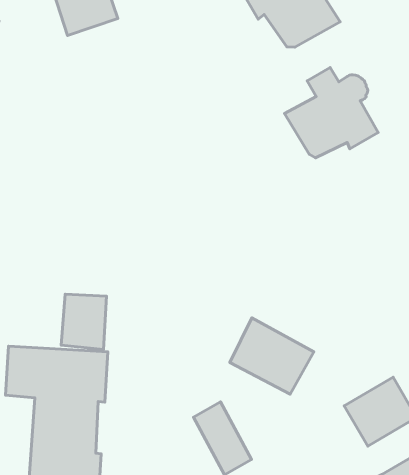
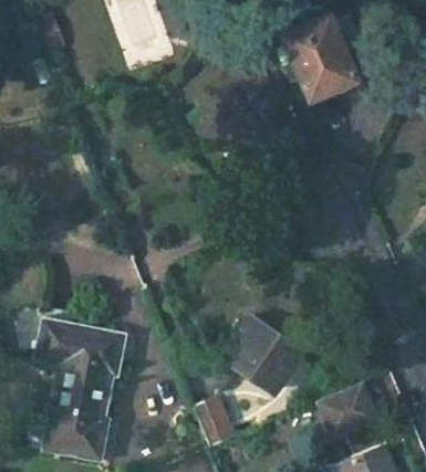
building: [285,68,378,158] -> none
building: [61,294,107,350] -> none

